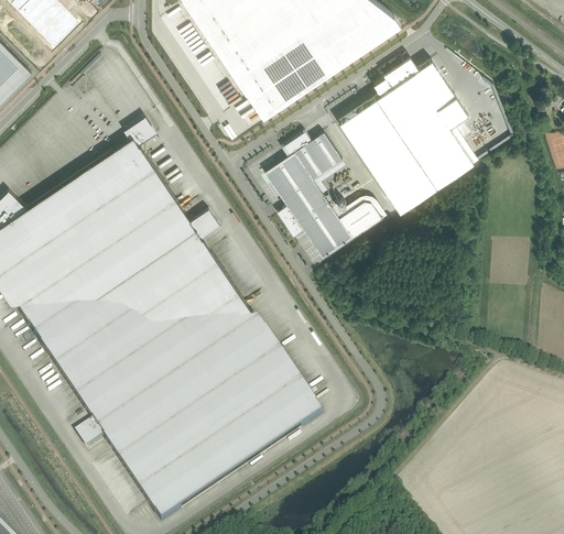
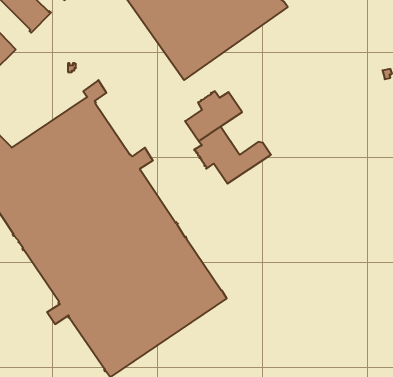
building: [338,61,474,214] -> none

